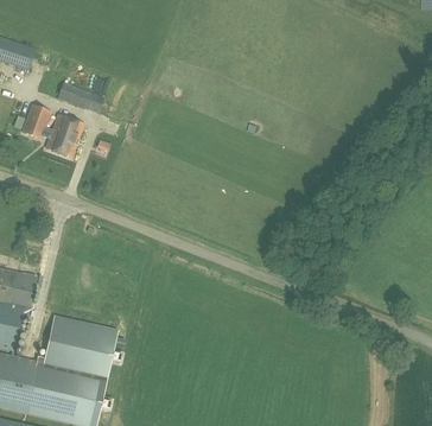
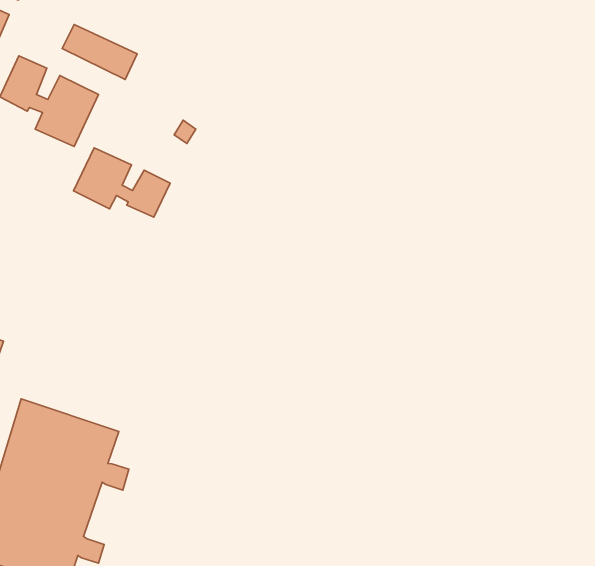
building: none -> [73,148,170,217]

